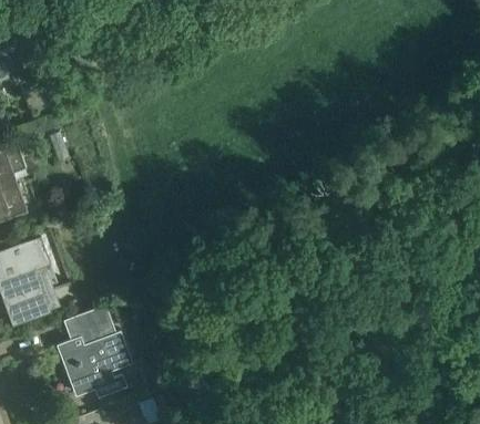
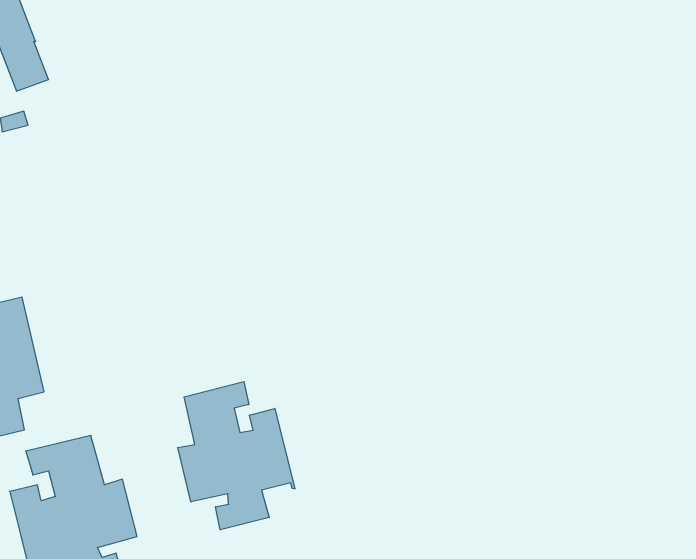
building: none -> [178,382,295,530]

